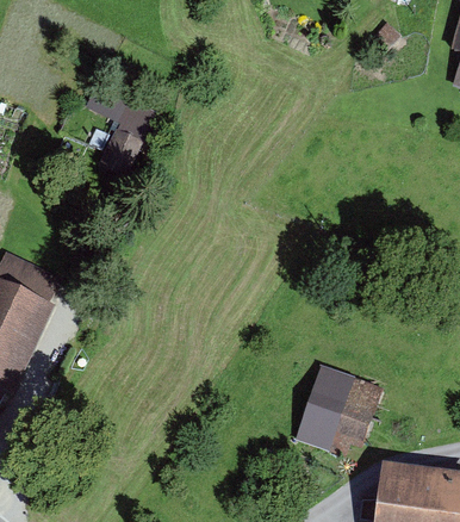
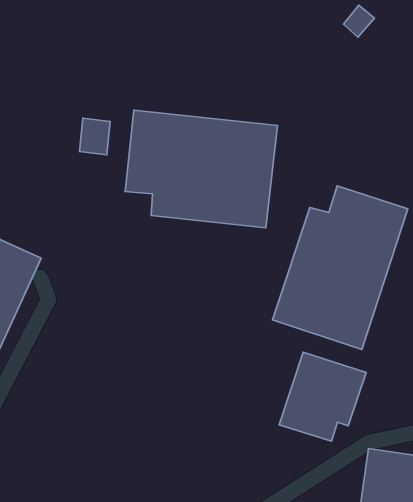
building: none -> [125,110,277,228]
building: none -> [273,186,408,350]

